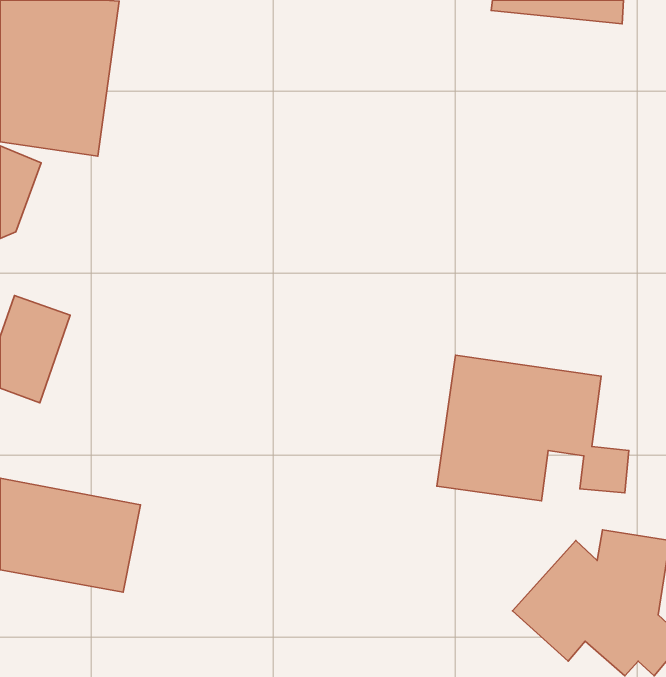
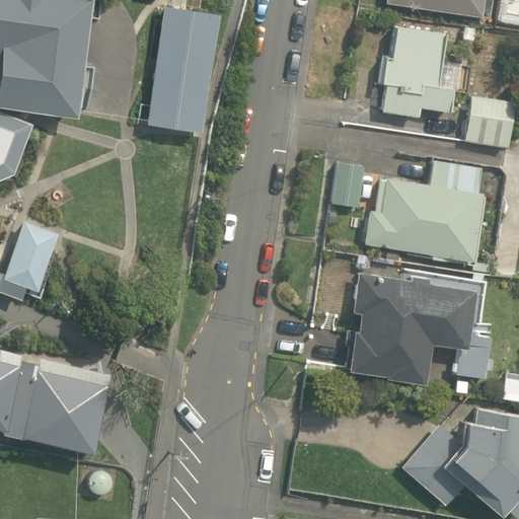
building: none -> [147,4,218,136]
building: none -> [382,23,451,115]
building: none -> [462,94,514,145]
building: none -> [337,158,476,261]

